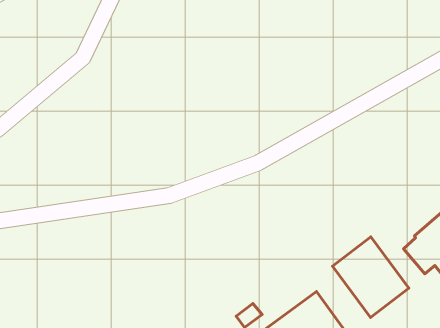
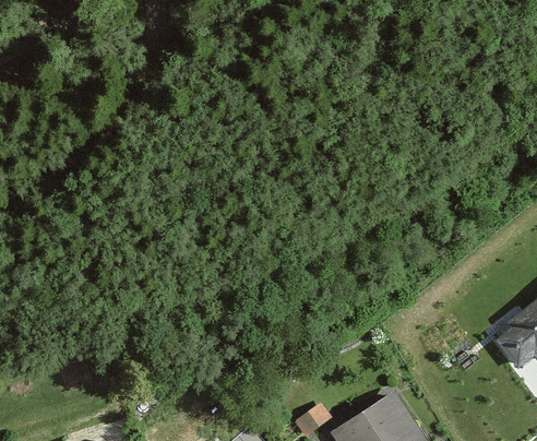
building: [333,237,409,318] -> none

